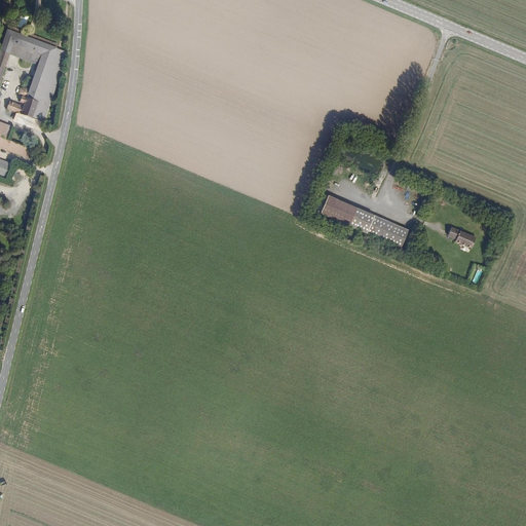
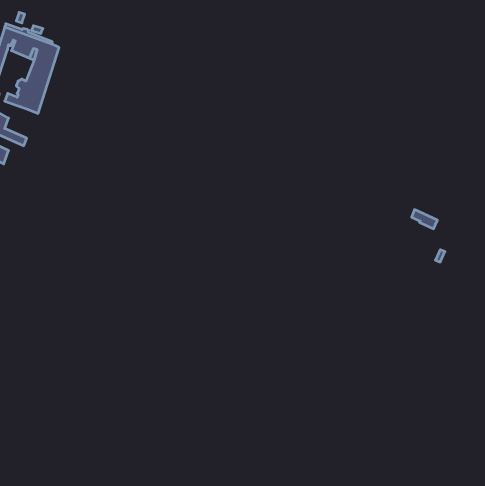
building: [322,194,409,247] -> none

